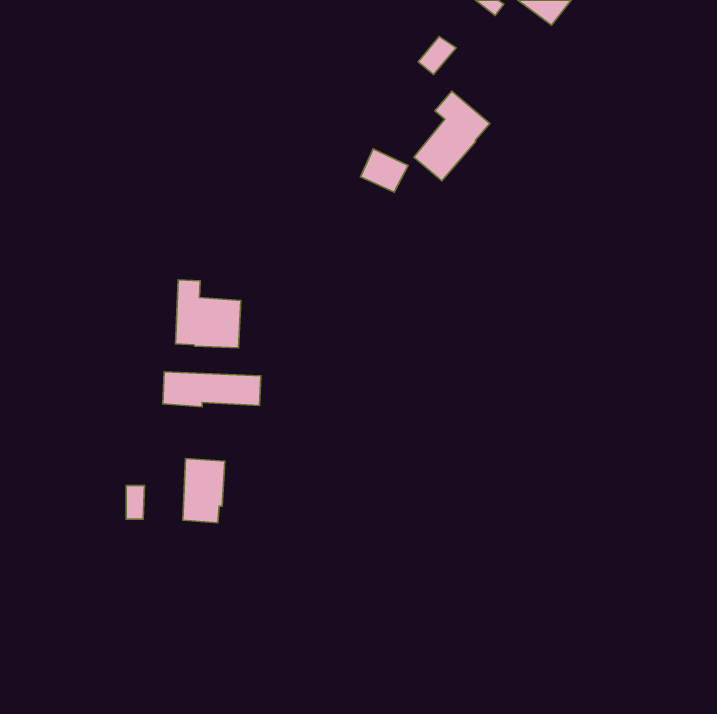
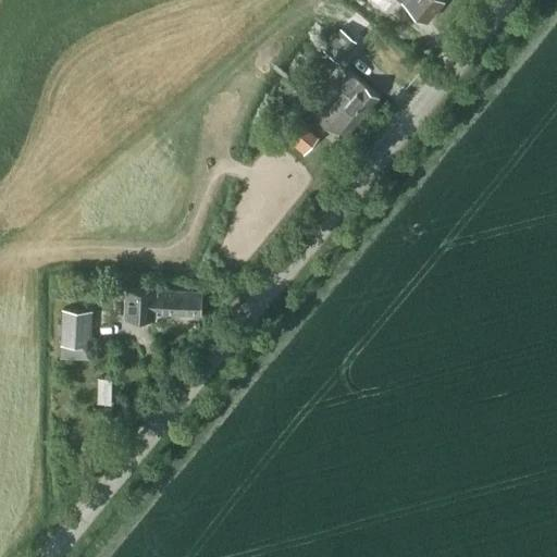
building: [175,280,241,348] -> none
building: [183,458,225,523] -> [60,310,92,360]

